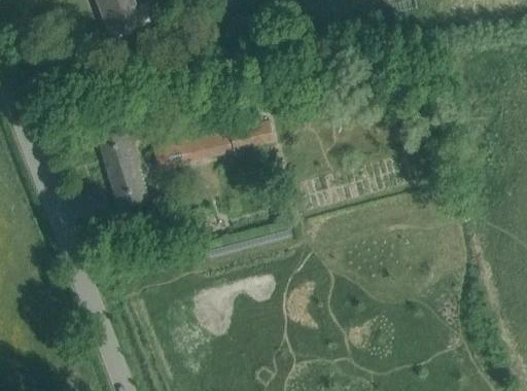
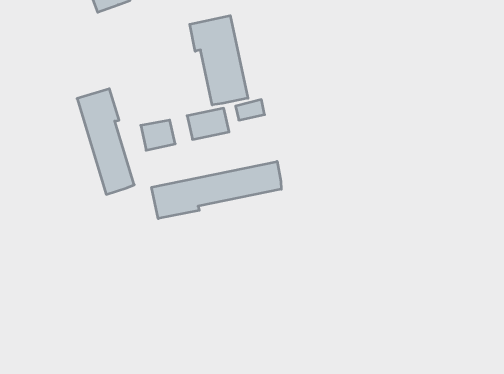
building: none -> [190,16,248,105]
building: none -> [152,161,281,219]

